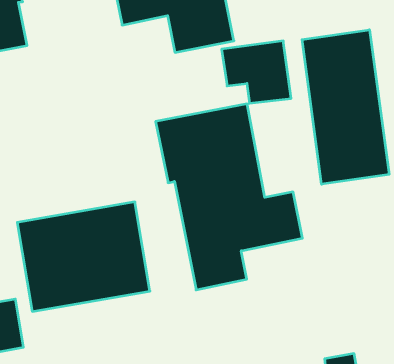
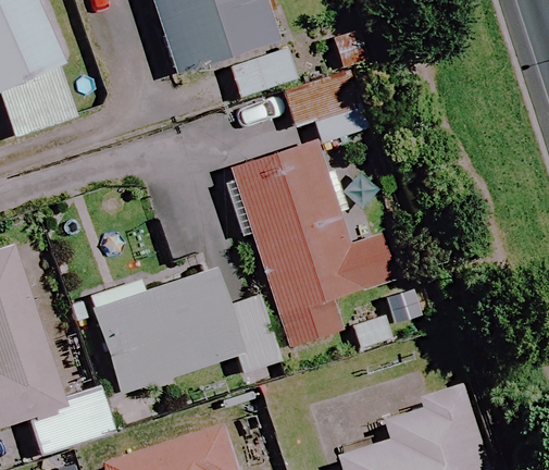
building: [302,30,389,184] -> none

